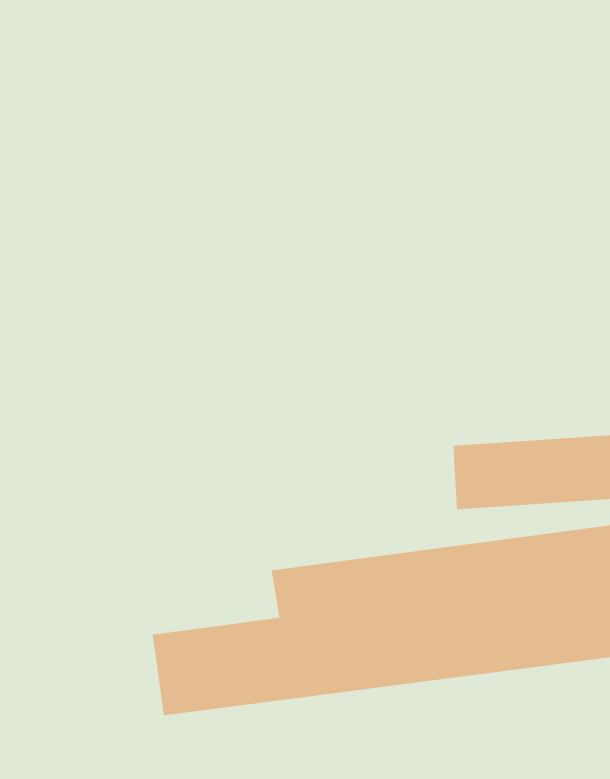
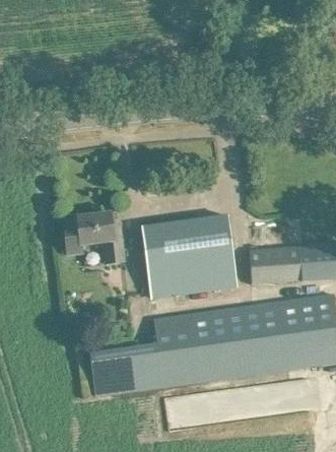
building: none -> [63,213,124,264]
building: none -> [139,215,236,300]

